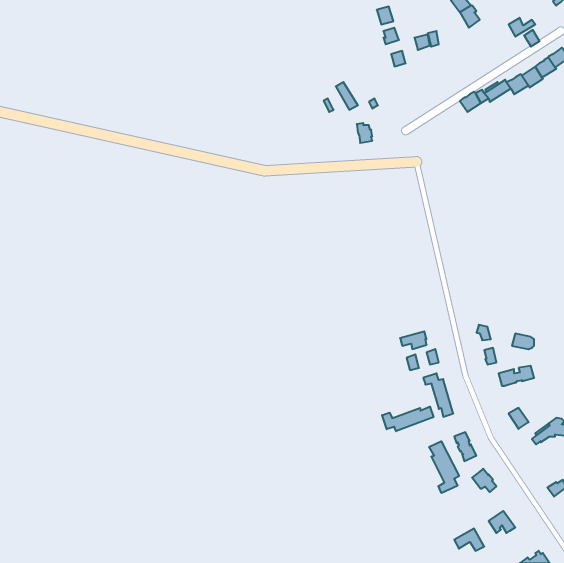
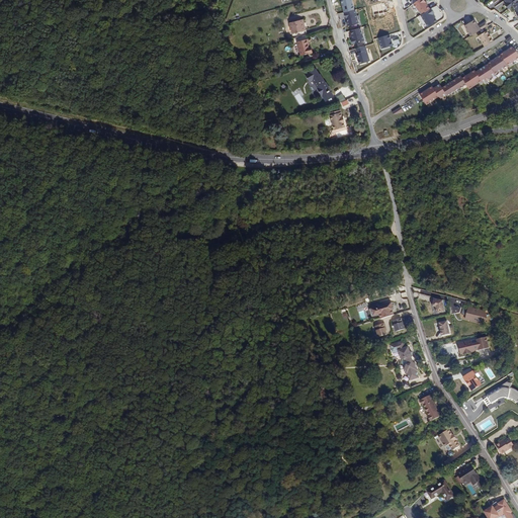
building: none -> [285,18,311,56]
building: [382,407,433,431] -> none
building: [429,441,459,493] -> none

